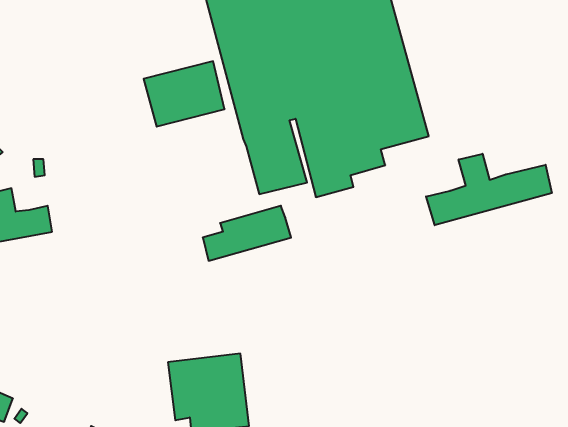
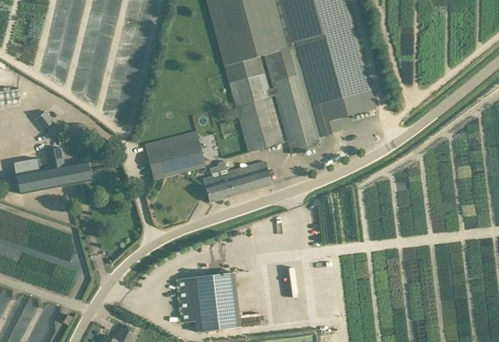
building: [144,61,225,127] -> [143,130,204,180]
building: [426,154,552,225] -> none

